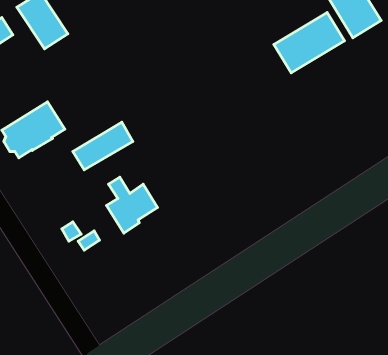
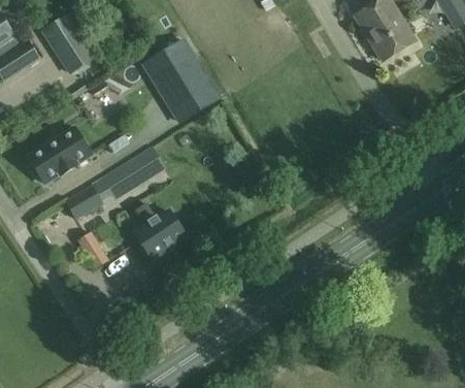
building: [274,12,344,73] -> none
building: none -> [145,40,220,122]
building: none -> [66,186,103,219]

